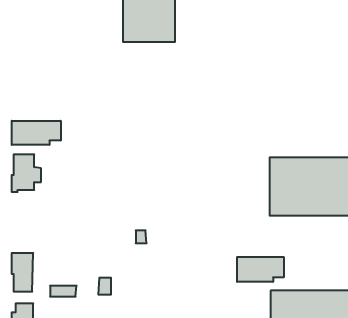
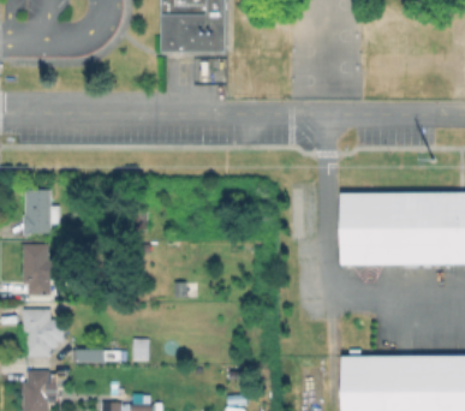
building: [12,121,61,145] -> none
building: none -> [25,244,53,294]
building: [237,257,284,282] -> none

